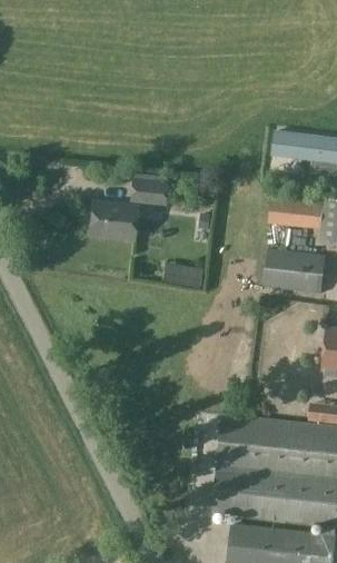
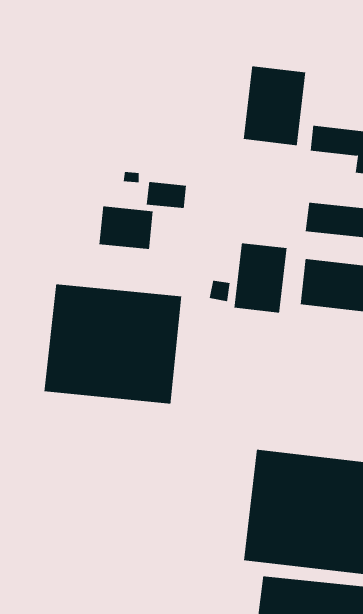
building: none -> [243,65,306,146]
building: none -> [234,242,287,313]
building: none -> [44,284,182,405]

